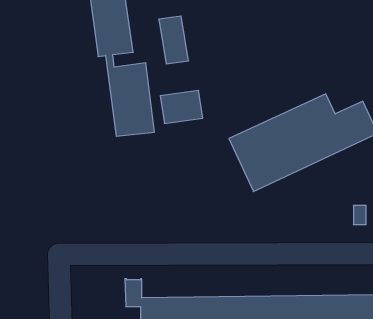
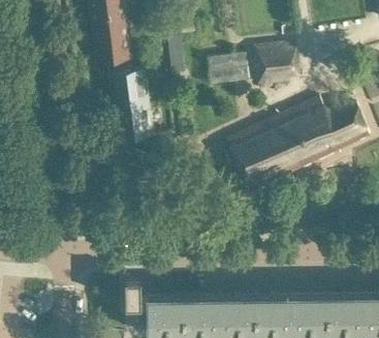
building: none -> [255,45,292,87]
building: [160,90,203,123] -> [208,56,249,88]

